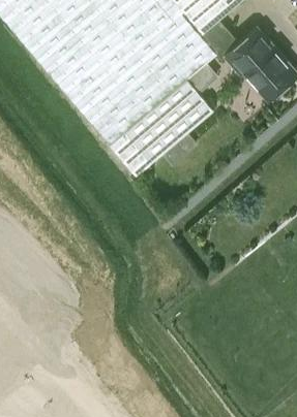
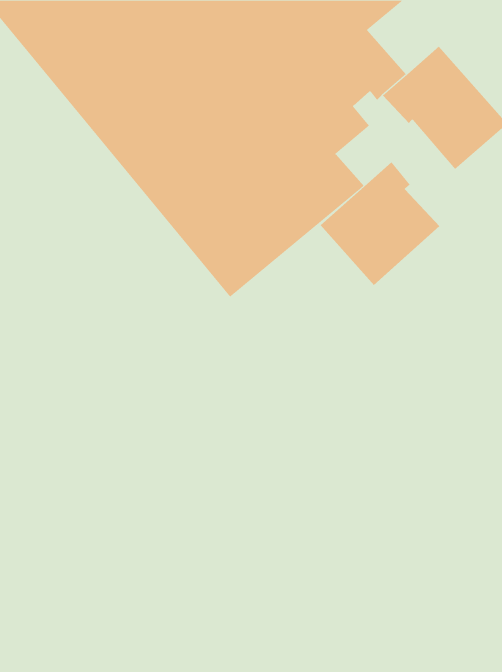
building: none -> [320,161,440,286]

